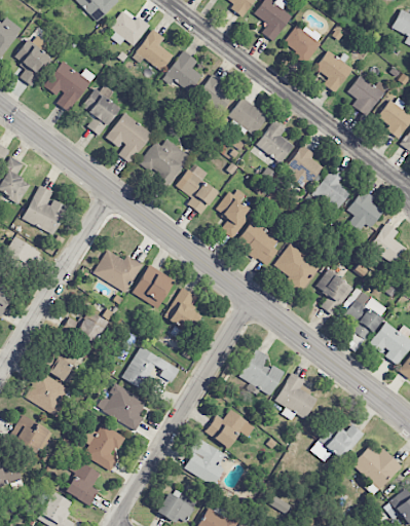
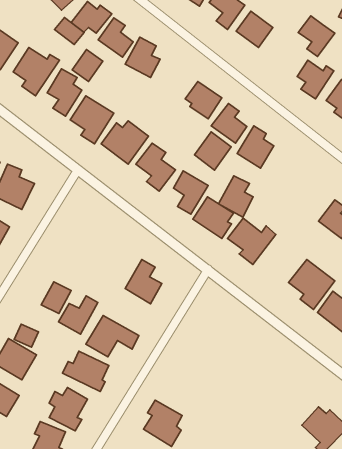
building: none -> [55,17,84,45]
building: [314,49,353,92] -> [298,16,335,56]
building: none -> [72,49,103,82]
building: [197,74,235,112] -> none
building: none -> [195,132,231,170]
building: [313,166,350,211] -> [219,176,253,217]
building: [348,189,383,230] -> none
building: [94,249,143,292] -> none
building: [133,264,175,308] -> none
building: [315,270,352,315] -> none
building: none -> [59,296,98,334]
building: [238,347,284,394] -> none
building: [275,372,318,418] -> none
building: [204,410,255,447] -> none
building: [311,424,363,460] -> none

